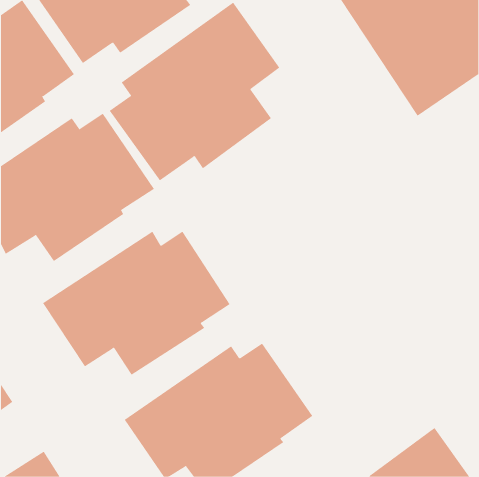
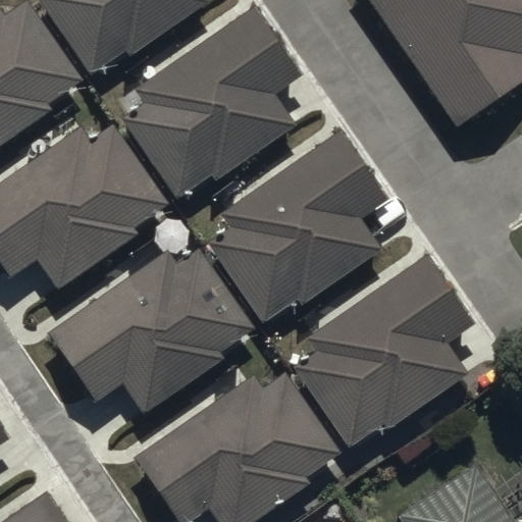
building: none -> [208,127,389,322]
building: none -> [295,255,475,448]

